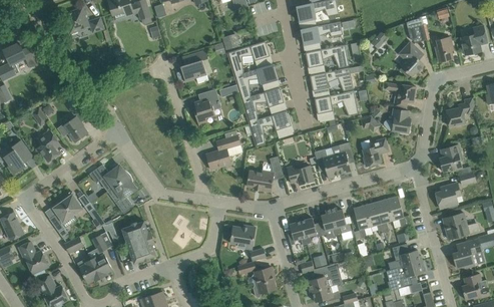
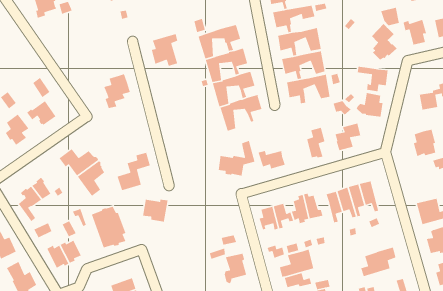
building: [193,89,220,128] -> [103,73,131,113]
building: [205,130,239,170] -> [116,152,151,191]
building: [314,146,339,179] -> none
building: [435,183,460,209] -> none
building: [229,226,256,249] -> [142,199,169,222]
building: [392,244,420,266] -> none

